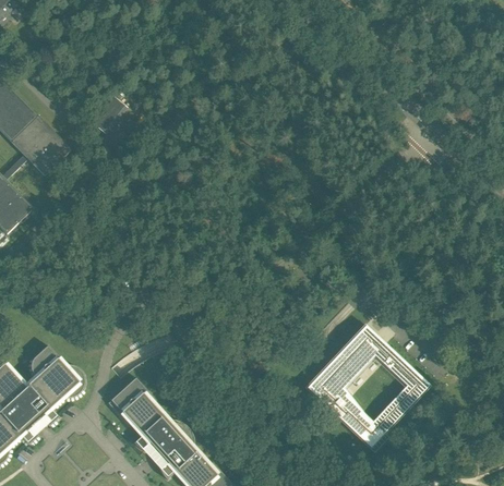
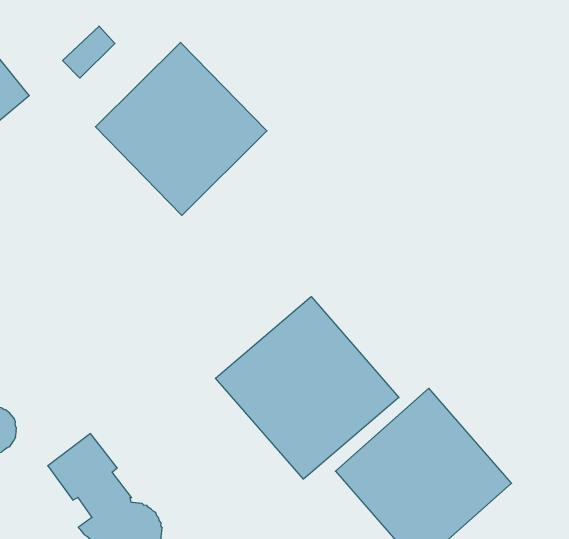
building: none -> [95,42,267,215]
building: none -> [215,297,399,479]

